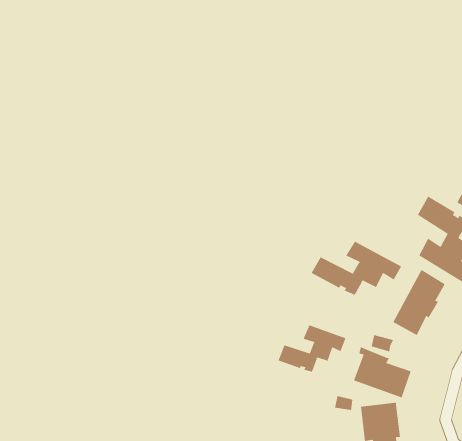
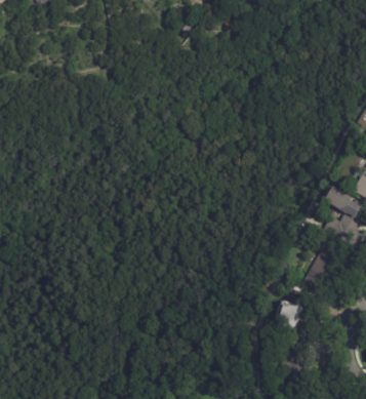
building: [311,241,402,296] -> none
building: [278,324,346,372] -> none

